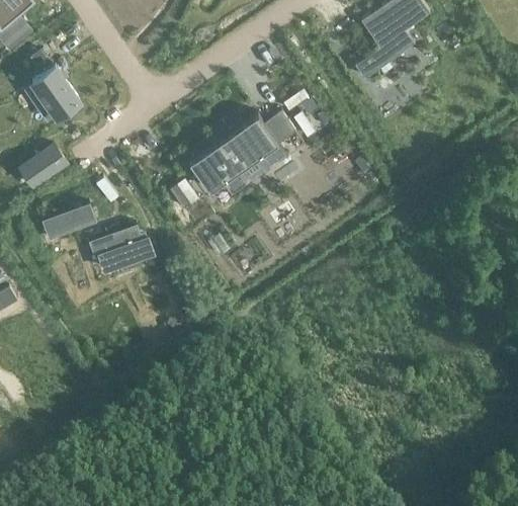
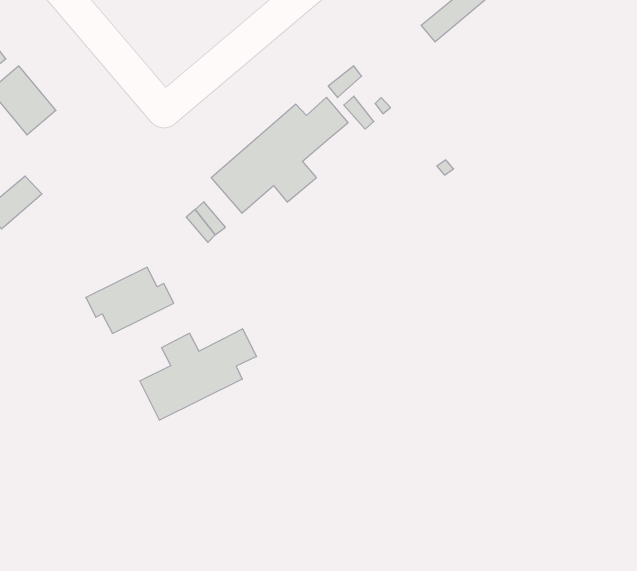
building: [42,204,95,240] -> none
building: none -> [140,329,257,420]

